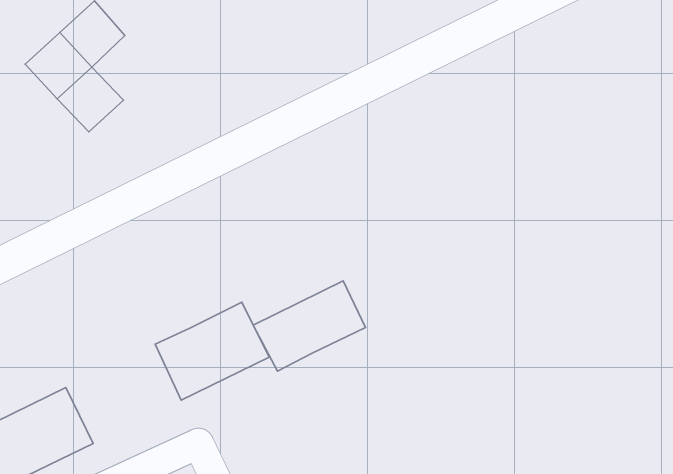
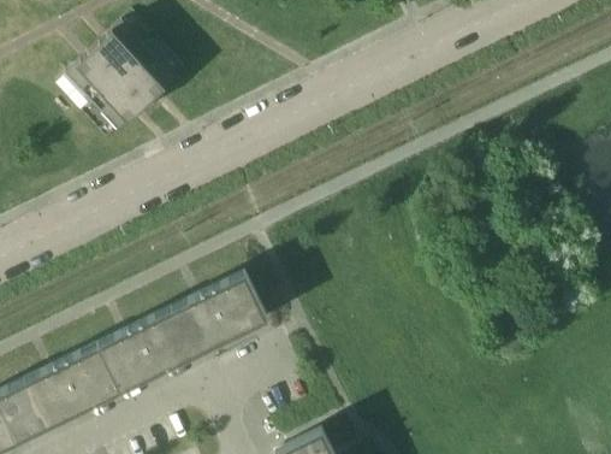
building: none -> [120,49,174,104]
building: [253,281,365,371] -> none
building: none -> [99,307,195,390]

